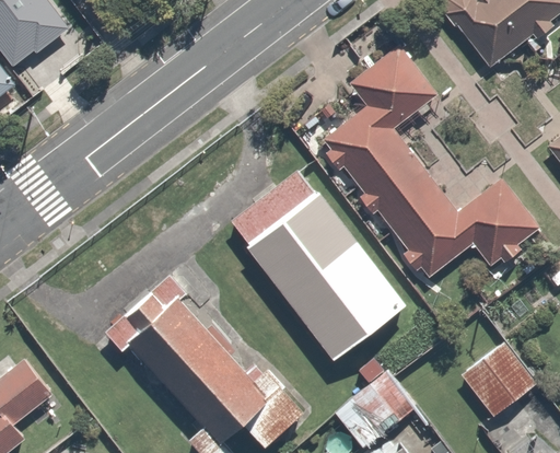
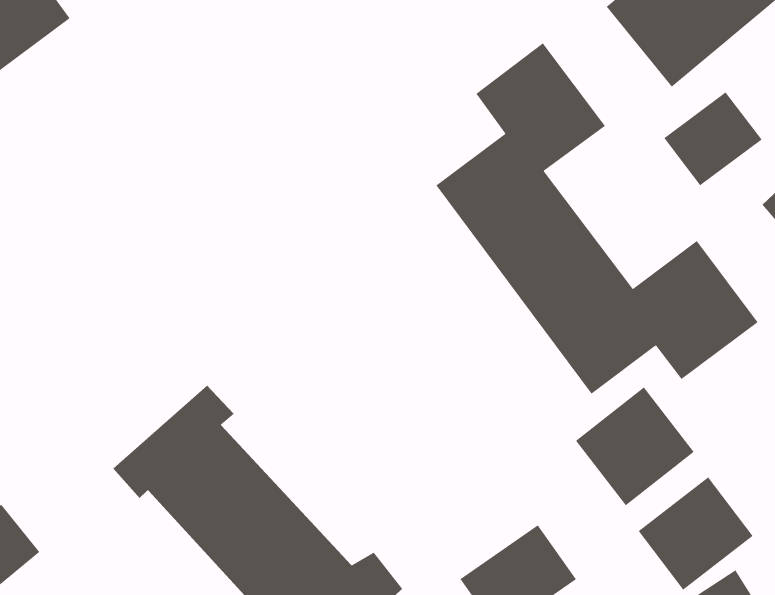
building: none -> [663,91,762,186]
building: [230,172,405,361] -> none
building: none -> [575,386,695,506]

